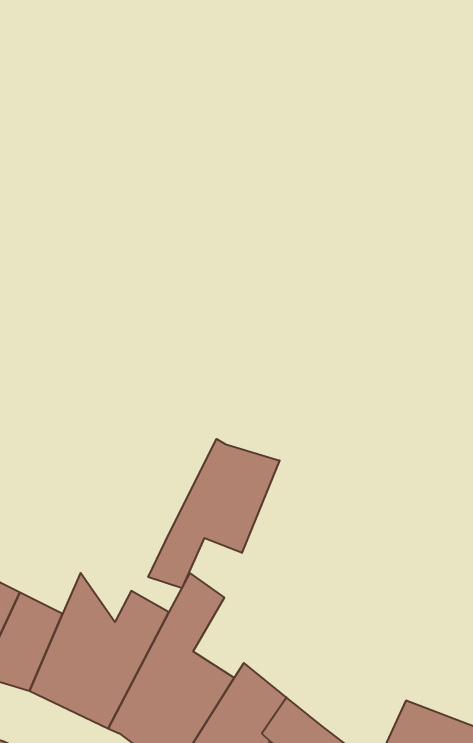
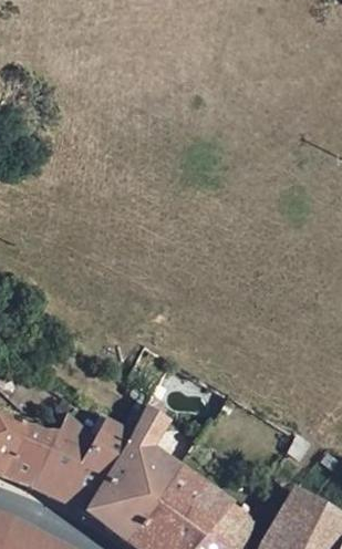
building: [148,439,280,588] -> none

